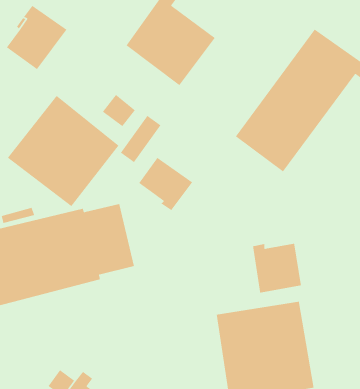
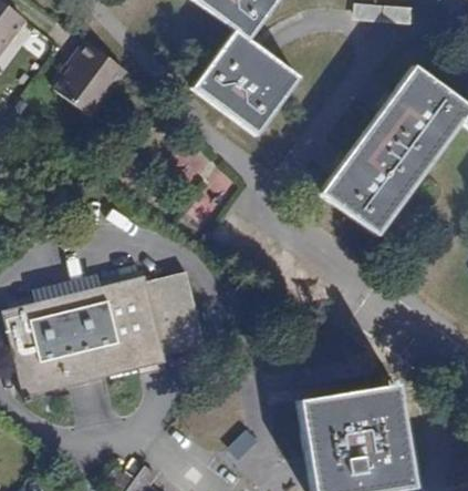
building: [7,95,120,207] -> none
building: [138,157,193,211] -> none
building: [252,243,302,294] -> none

